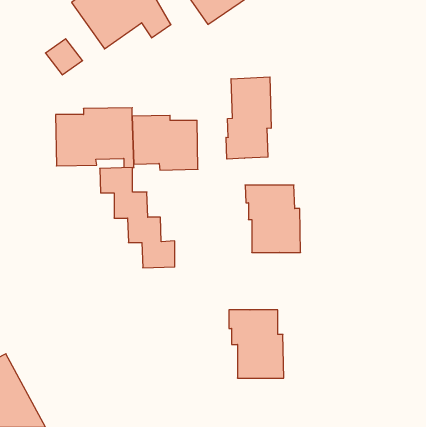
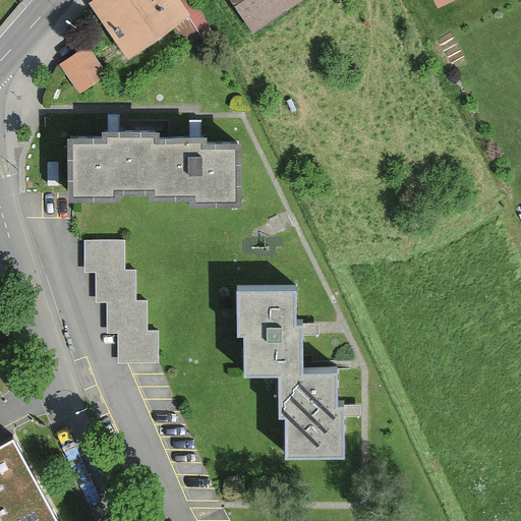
building: [226,77,271,159] -> none
building: [100,168,175,268] -> [75,238,166,359]
building: [245,185,301,252] -> [235,293,302,374]

